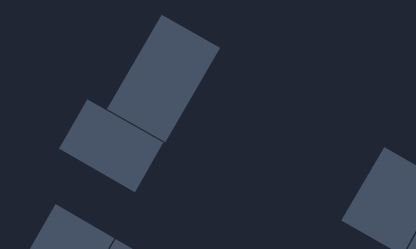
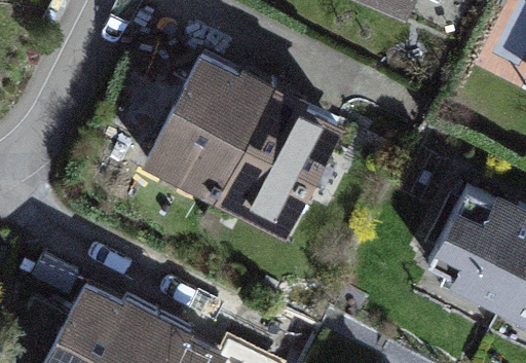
building: none -> [215,86,345,239]
building: [58,99,164,193] -> none

